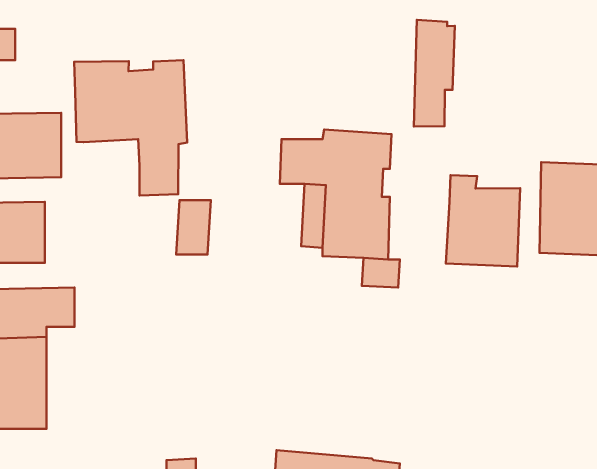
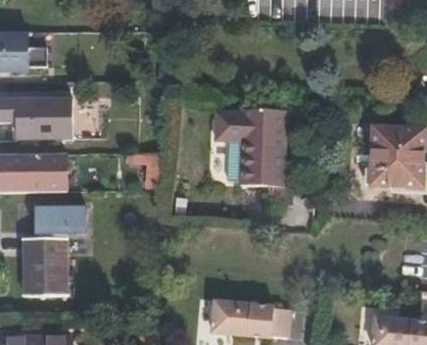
building: [414,20,455,126] -> none
building: [74,60,187,195] -> none
building: [446,175,520,266] -> none

